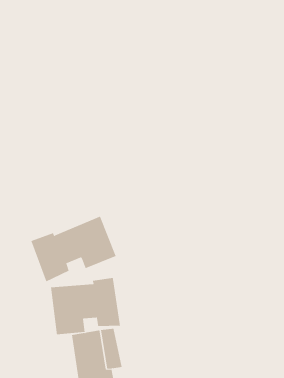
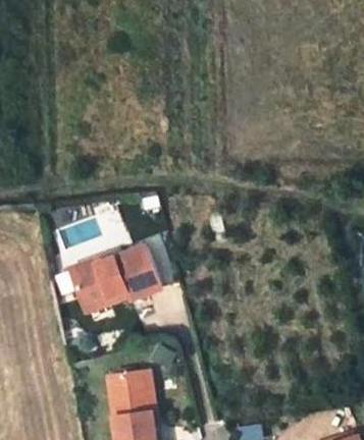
building: [50,277,120,335] -> none

